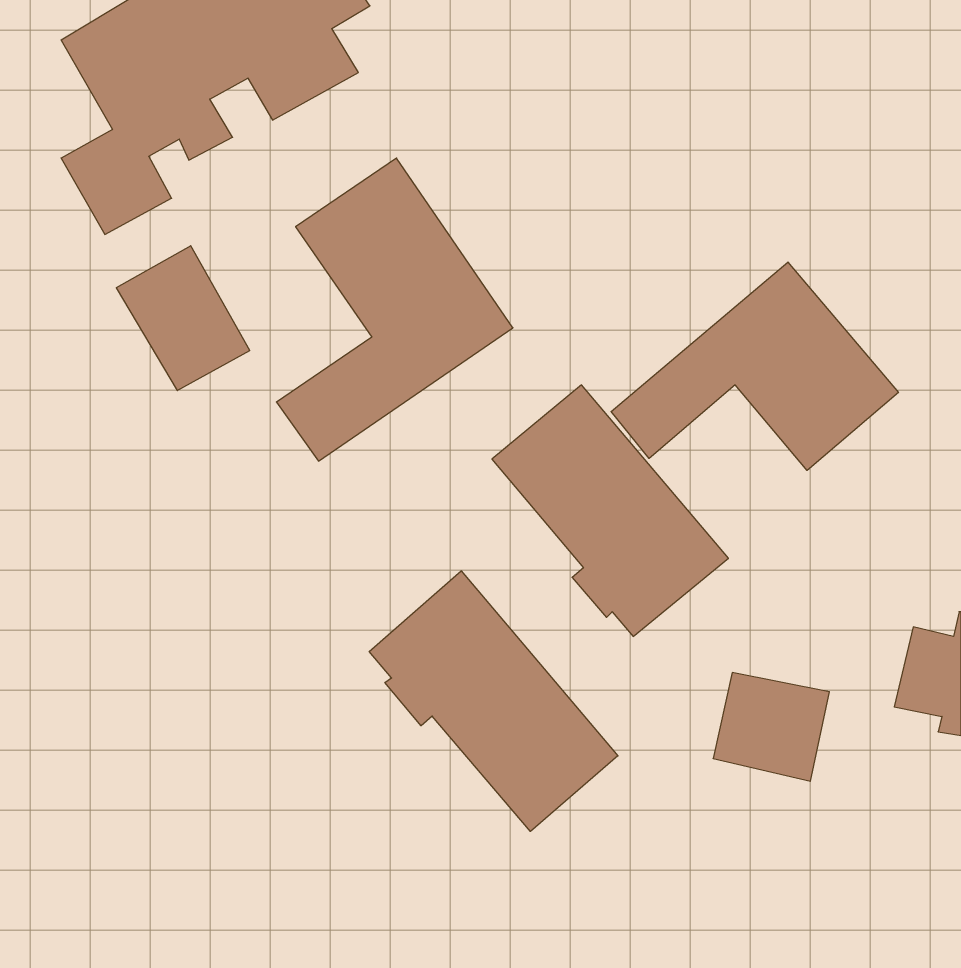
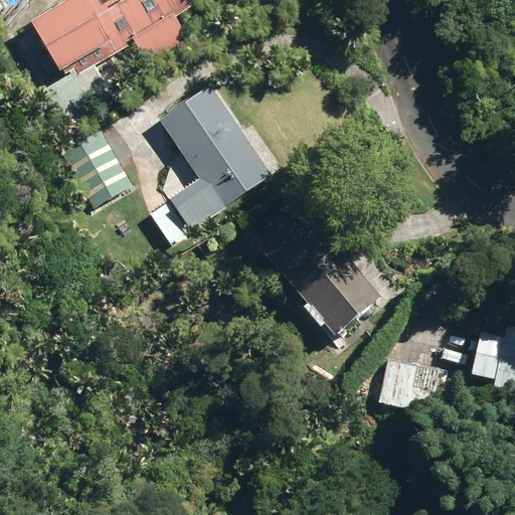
building: [611,262,898,470] -> none
building: [369,571,618,831] -> none

